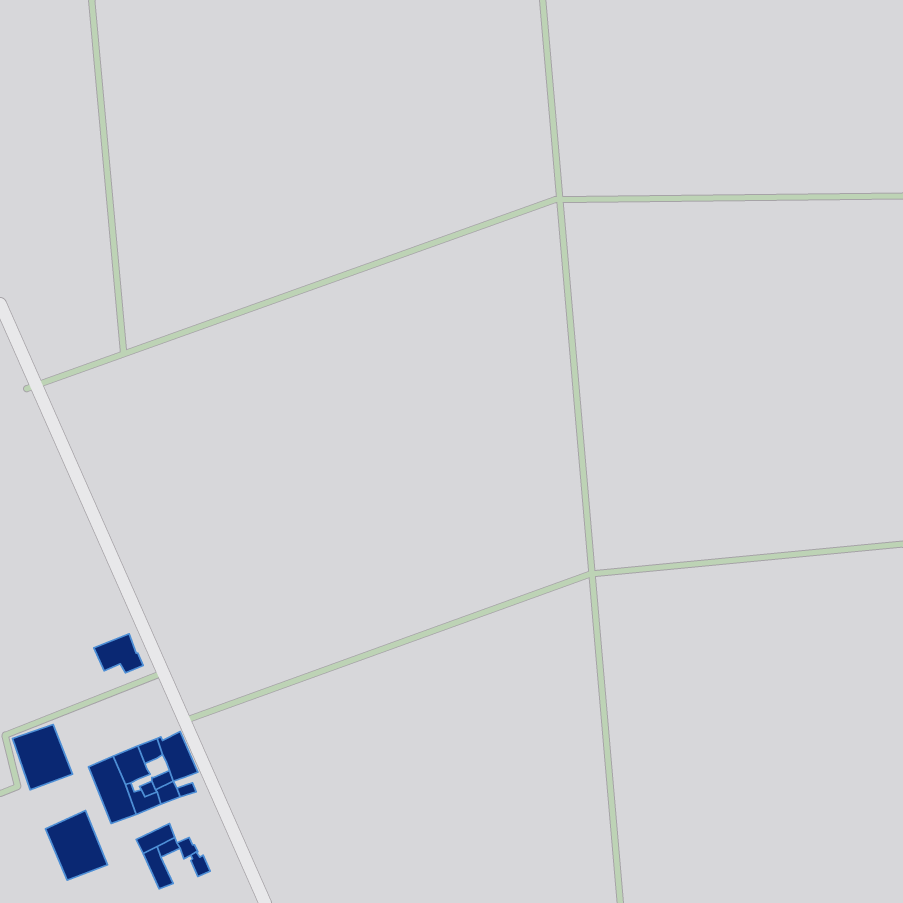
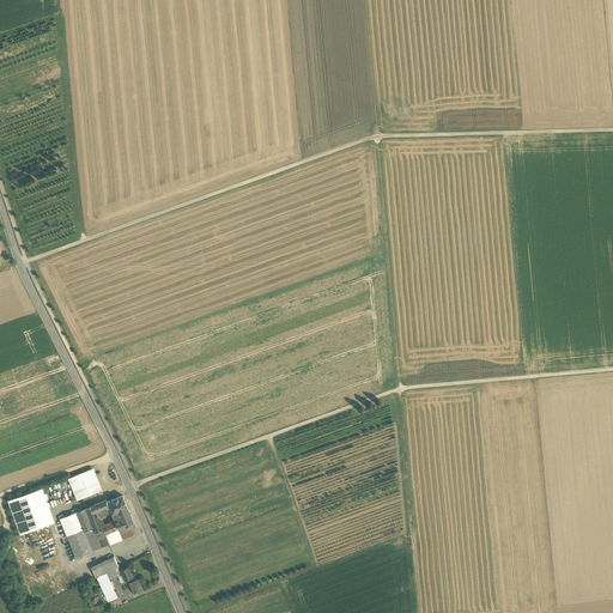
building: [94,634,143,673] -> [68,469,102,496]
building: [45,811,107,880] -> none

